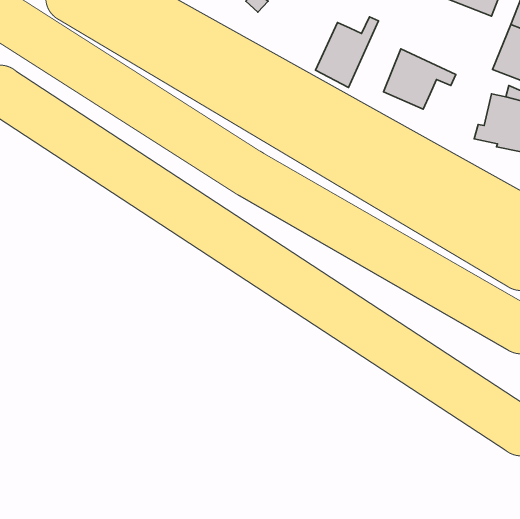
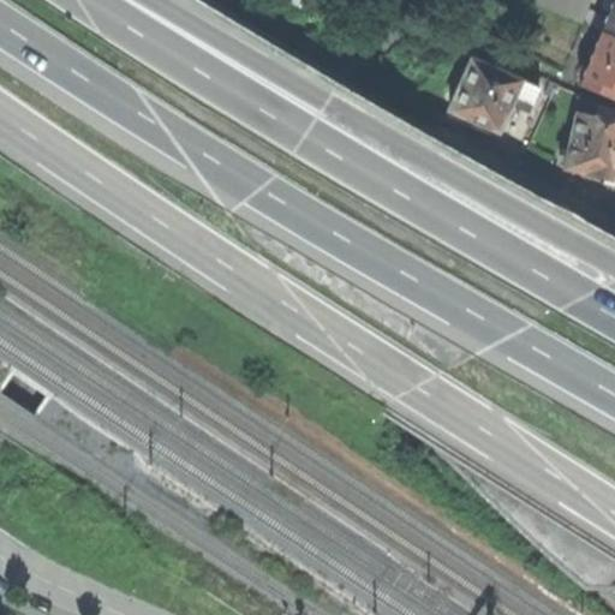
building: [315,17,379,88] -> none

